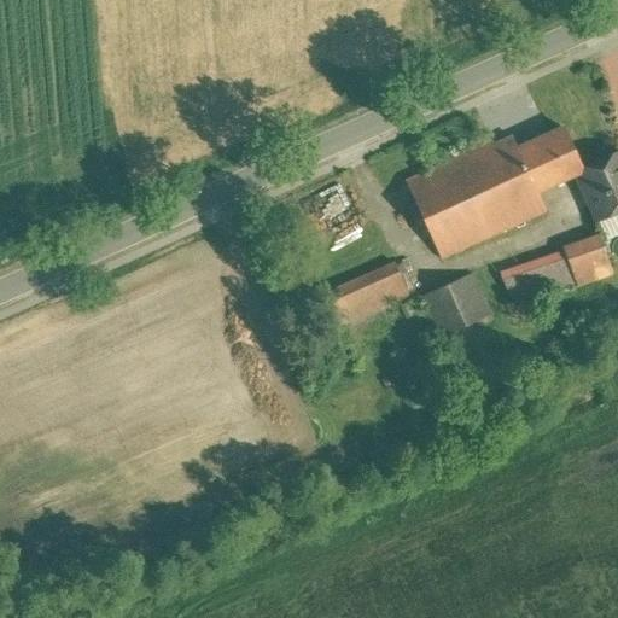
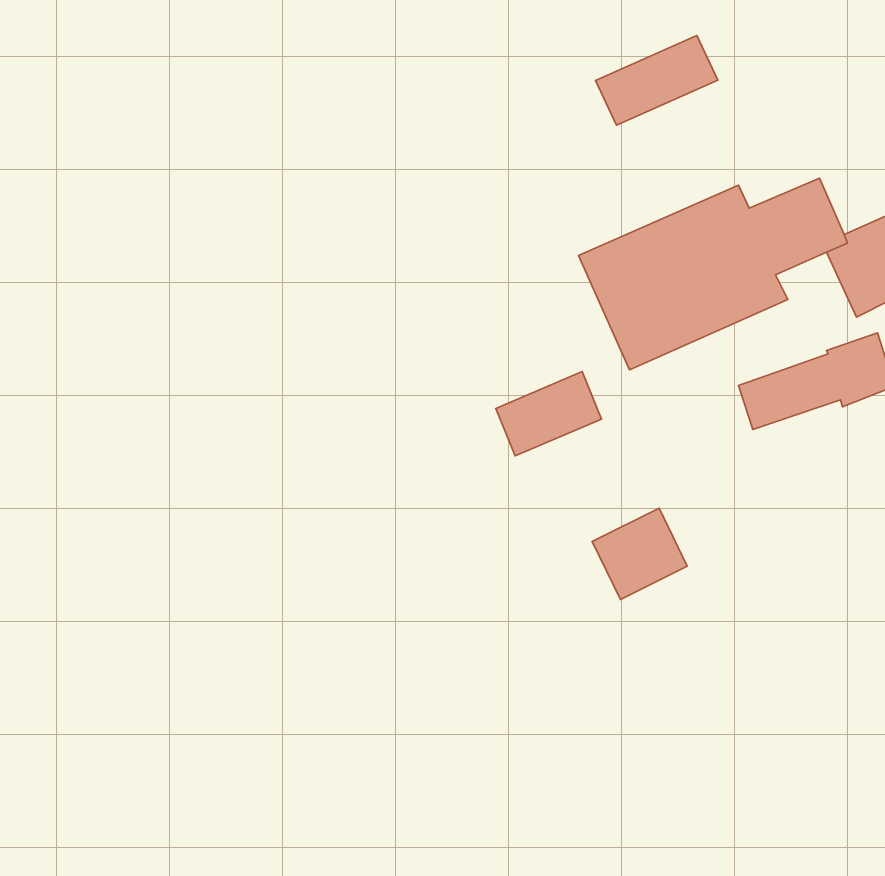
building: none -> [595,35,718,125]
building: [427,272,492,334] -> [592,508,687,600]

